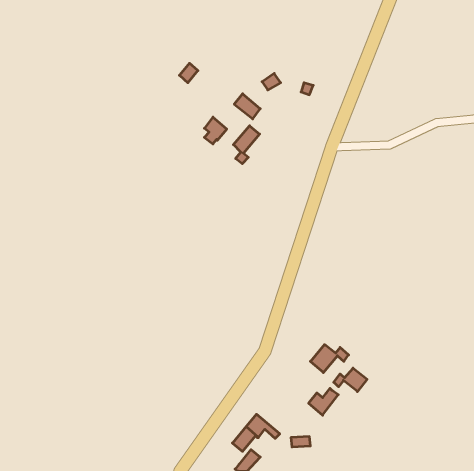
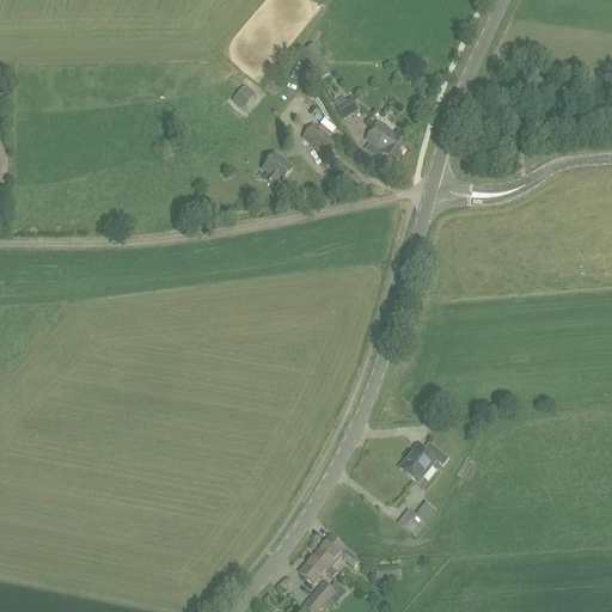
building: none -> [365,120,410,160]
building: [233,126,260,164] -> none
building: [334,368,367,392] -> none

